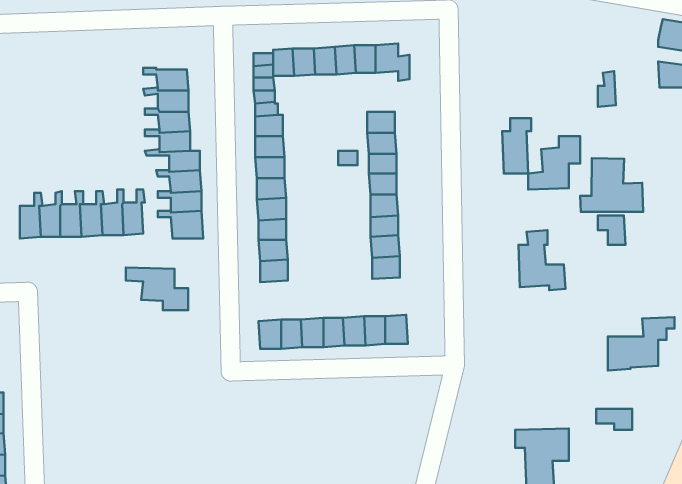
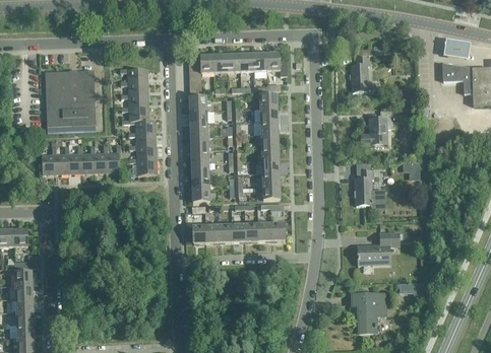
building: none -> [44,69,95,126]
building: [502,118,531,173] -> [351,57,369,91]
building: [580,158,643,212] -> none
building: [126,267,188,310] -> none
building: [608,317,674,371] -> [357,232,398,266]

